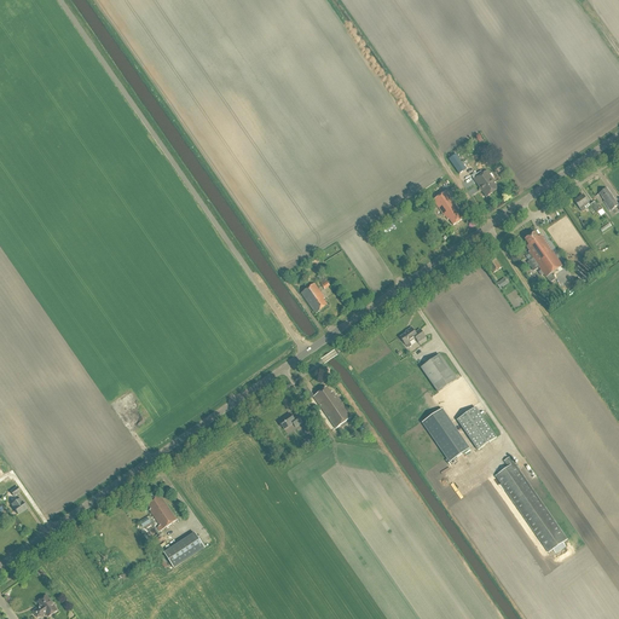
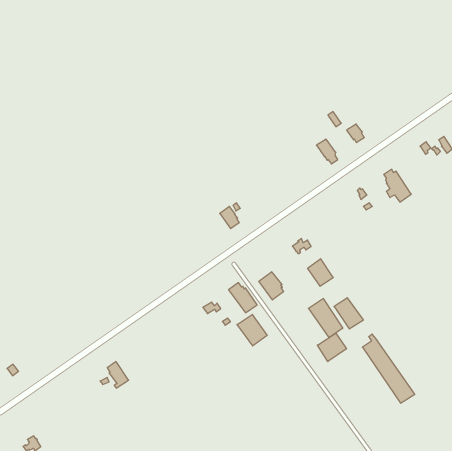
building: none -> [259,272,284,300]
building: none -> [237,314,267,346]
building: none -> [317,333,347,362]
building: [163,532,203,566] -> none

